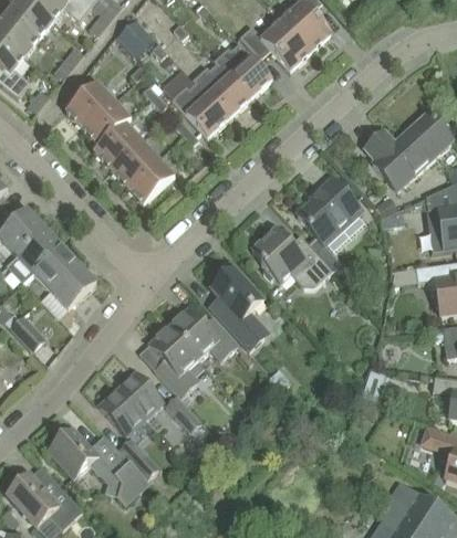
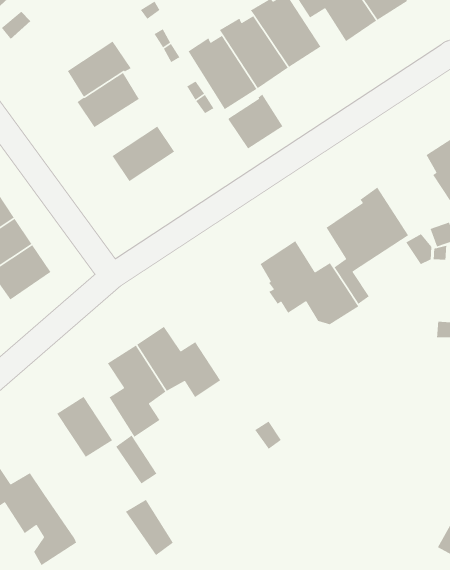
building: [65,82,113,128] -> none
building: none -> [228,93,283,149]
building: [110,140,157,187] -> none
building: [208,266,263,348] -> none
building: [98,388,144,435] -> none
building: [117,437,158,479] -> [125,499,174,556]

